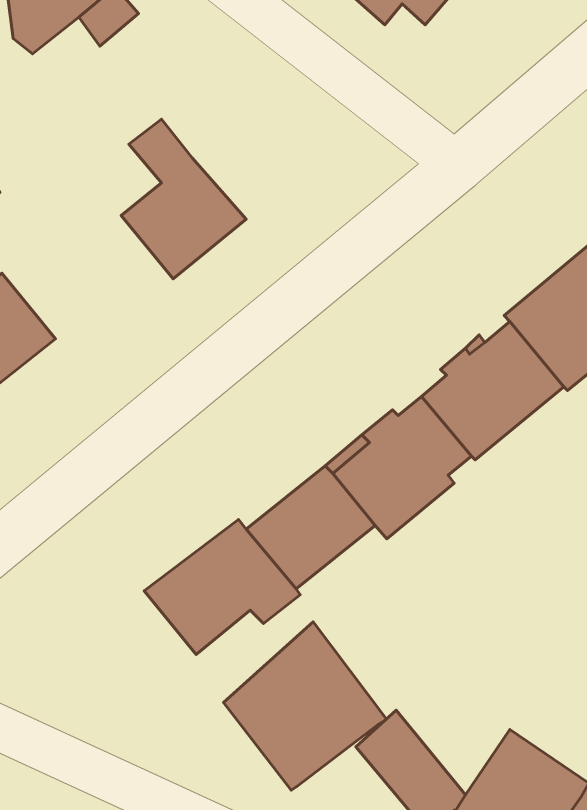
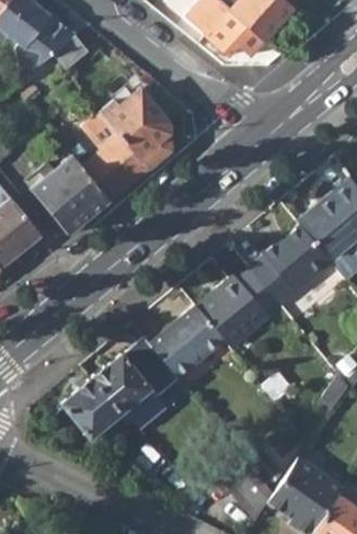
building: none -> [102,87,172,167]
building: none -> [31,155,108,234]
building: none -> [61,378,122,441]
building: [223,622,386,790] -> none

